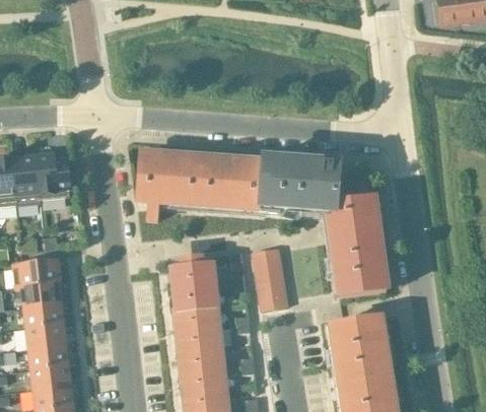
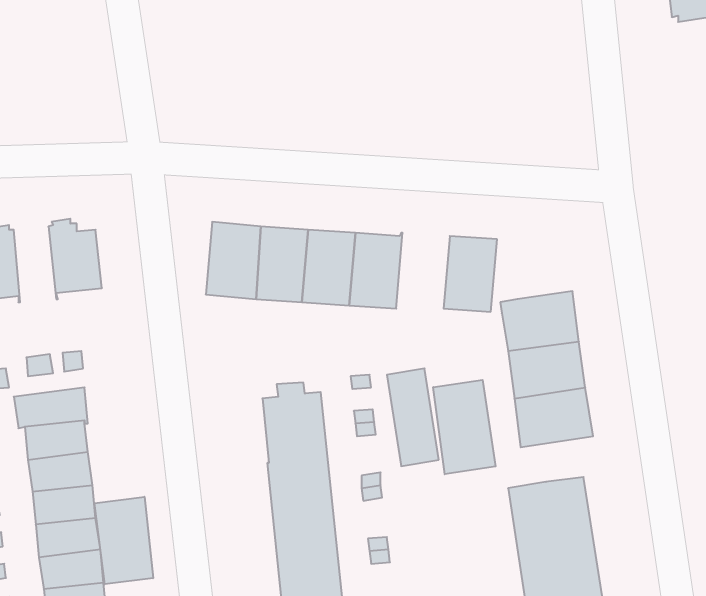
building: [12,153,40,205] -> none
building: [259,160,293,209] -> none
building: [320,164,340,212] -> none
building: none -> [433,380,496,474]
building: none -> [94,497,153,584]

